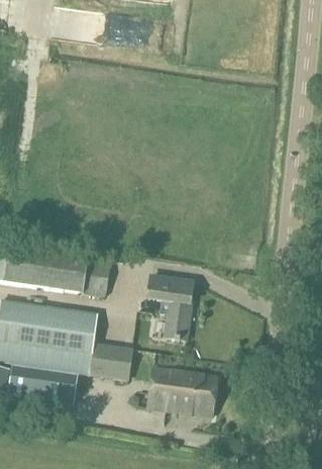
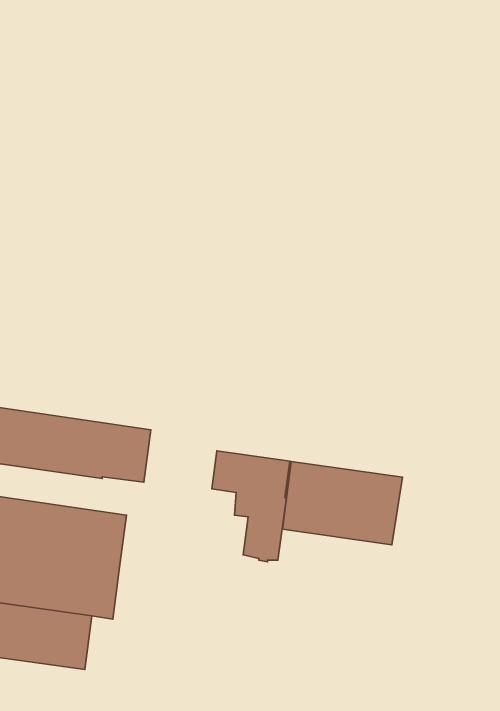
building: [90,343,132,379] -> none
building: [148,367,218,415] -> [282,462,402,545]

